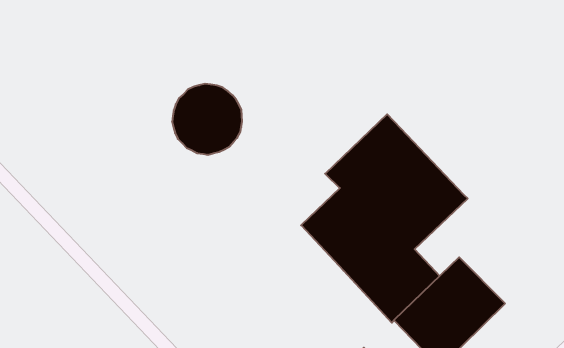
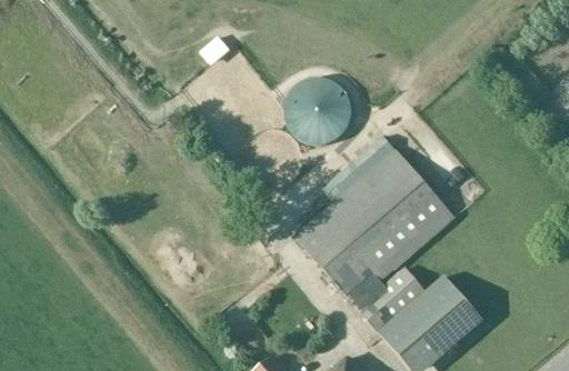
building: [172,84,242,155] -> [283,76,350,143]

